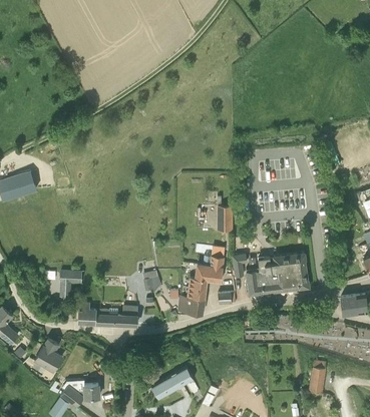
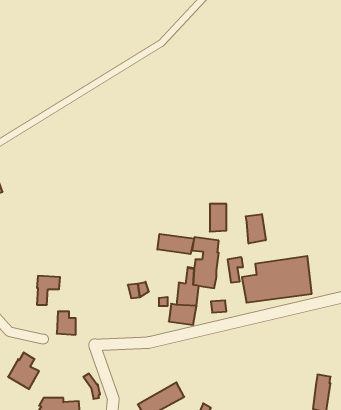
building: none -> [246,214,266,244]
building: none -> [157,234,194,254]
building: [95,307,137,325] -> none

